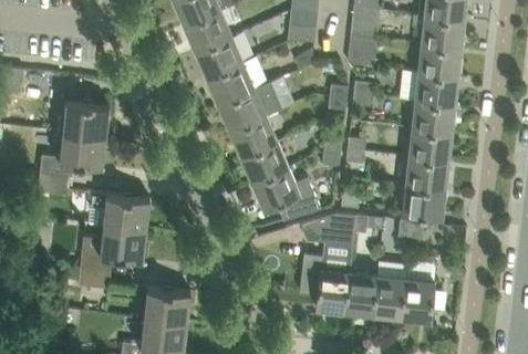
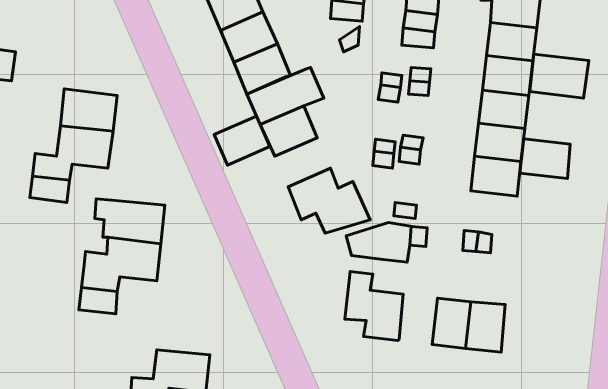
building: none -> [530,54,589,98]
building: [241,142,288,183] -> [214,116,270,165]
building: [402,186,444,219] -> [520,139,570,179]
building: [344,272,377,314] -> none
building: [143,288,190,323] -> none

